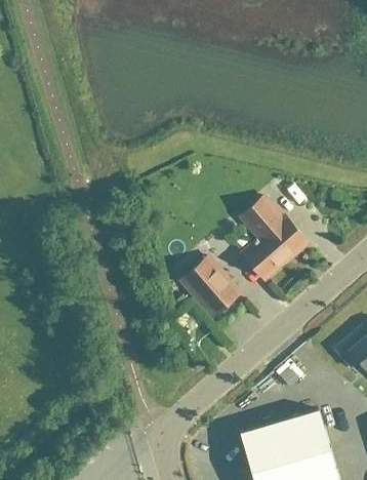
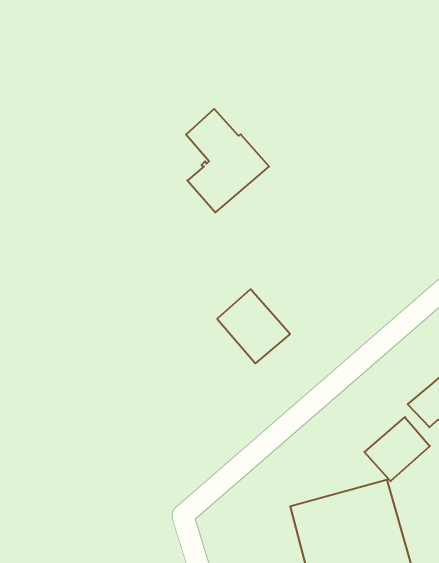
building: [242,197,309,280] -> [186,109,269,212]
building: none -> [364,417,430,481]

